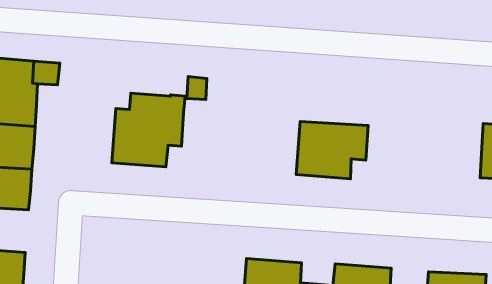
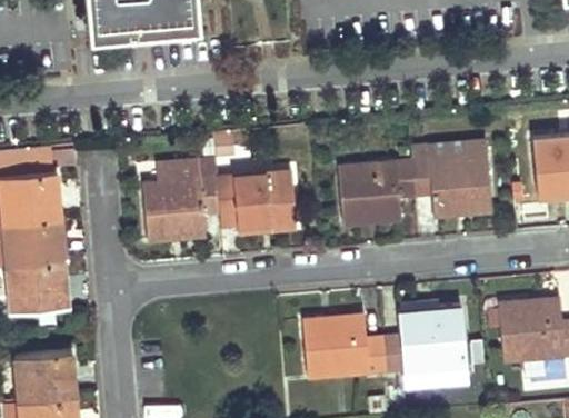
building: none -> [214,170,296,233]
building: none -> [411,142,491,216]

